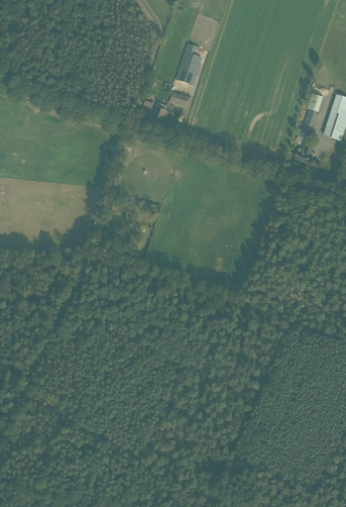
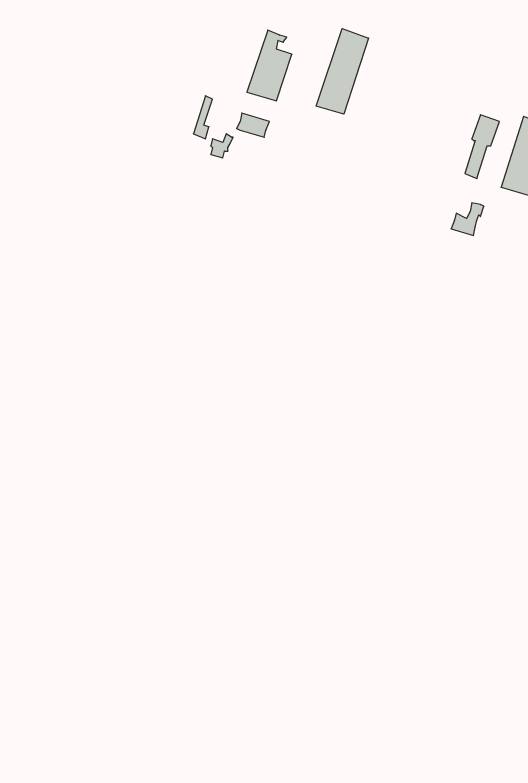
building: none -> [316,29,369,114]

